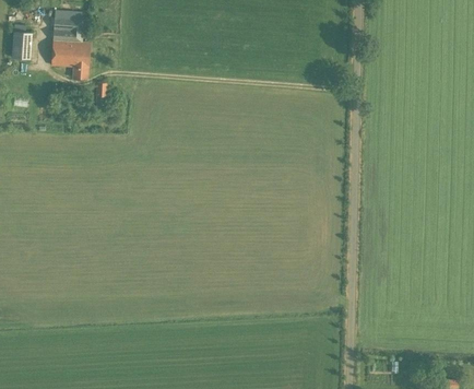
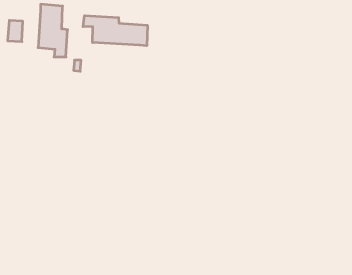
building: none -> [83,16,147,46]

